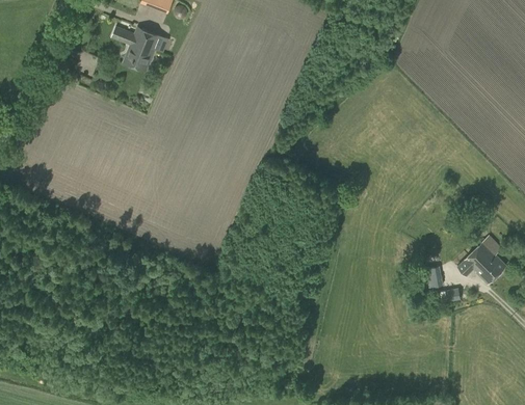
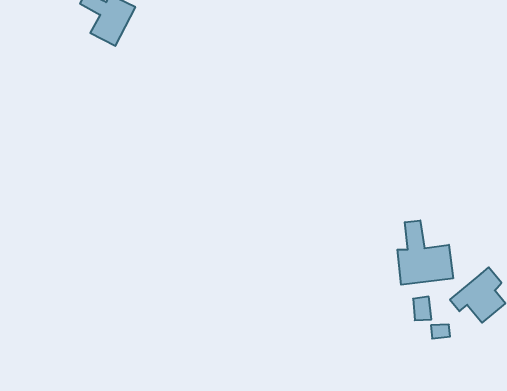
building: none -> [397,220,453,285]

